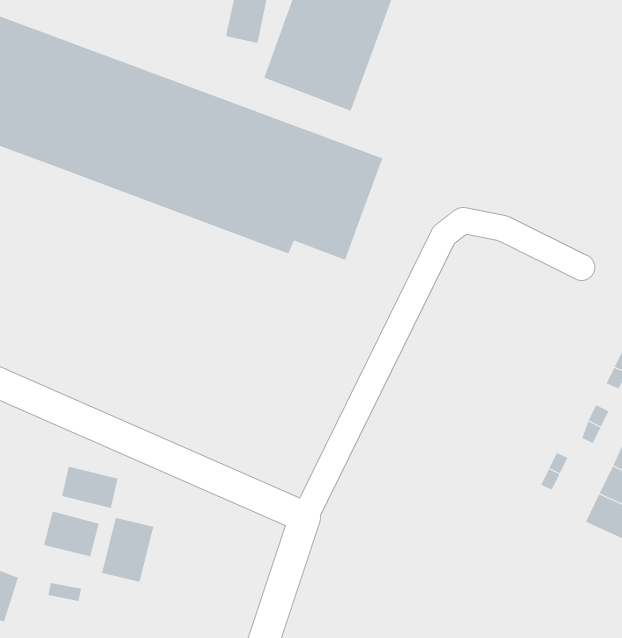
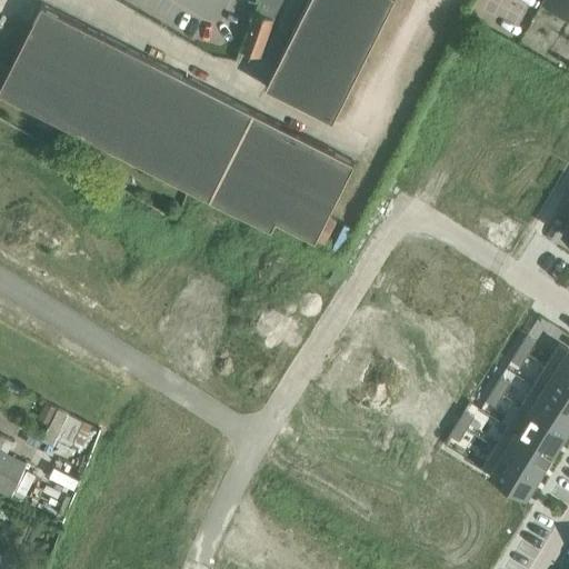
building: [62,466,118,509] -> none
building: [102,517,154,582] -> none

